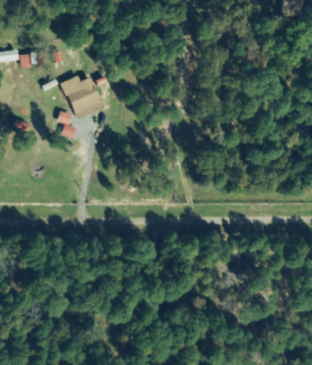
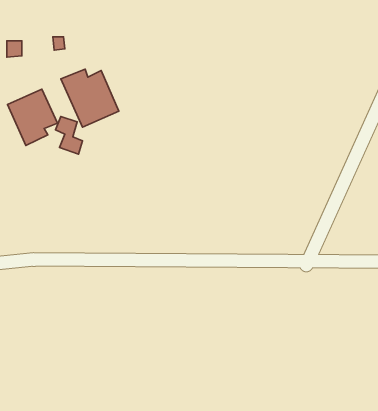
building: none -> [8,89,57,146]

